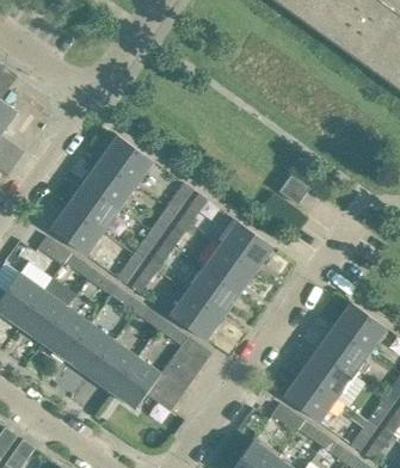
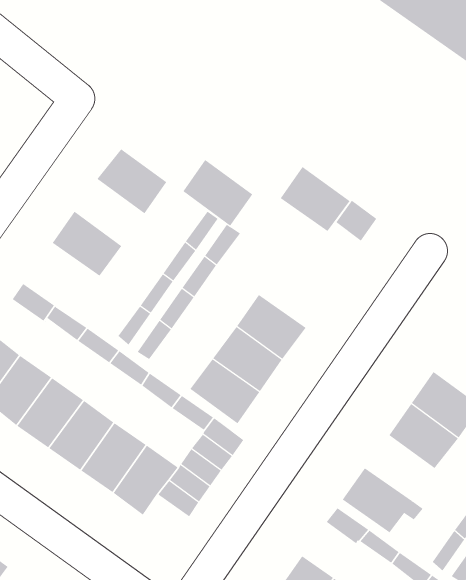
building: [84,159,136,209] -> [182,159,253,226]
building: [50,207,103,255] -> none
building: [221,221,273,270] -> [280,166,350,232]
building: [300,350,352,399] -> none

